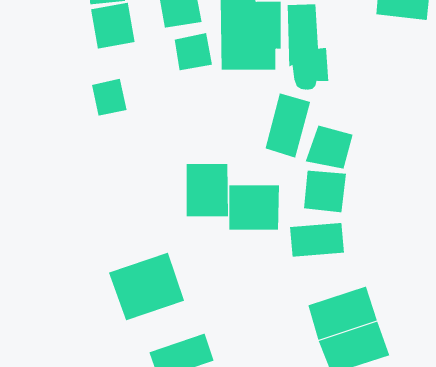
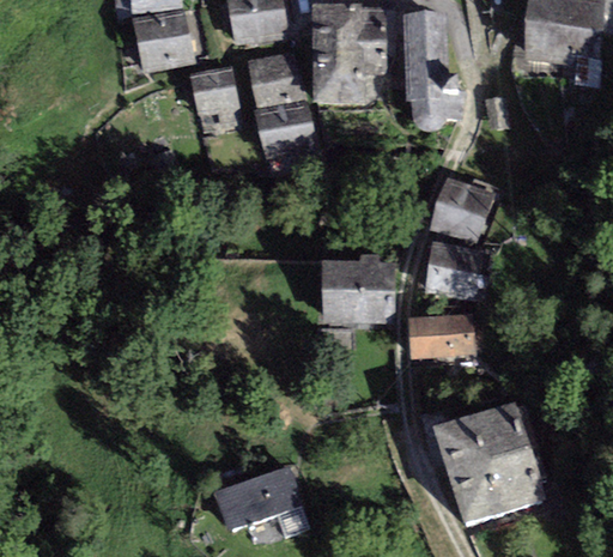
building: none -> [521,26,597,77]
building: none -> [255,96,312,158]
building: [91,78,128,116] -> [190,65,241,117]
building: [265,93,311,159] -> none
building: [186,163,228,217] -> none
building: [108,252,185,321] -> none

